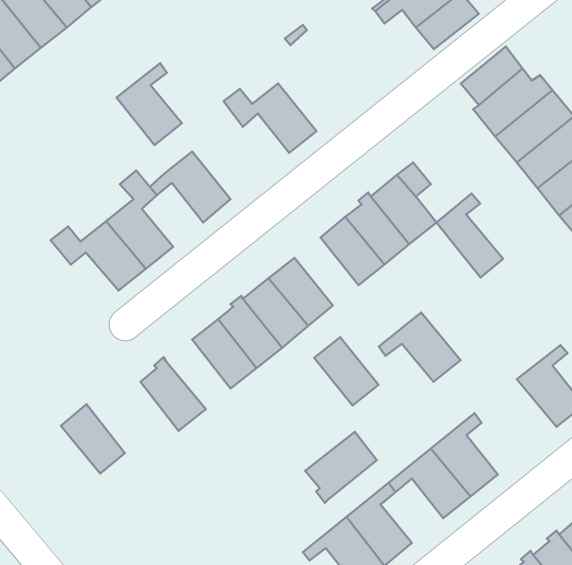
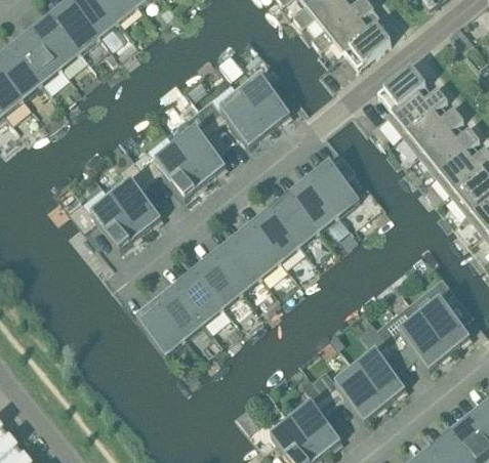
building: none -> [241,64,290,126]
building: [116,63,182,145] -> [176,116,226,177]
building: [436,193,503,278] -> none
building: [379,312,461,382] -> [389,312,450,365]
building: [314,337,378,405] -> [253,206,301,257]
building: [61,404,125,474] -> [157,283,205,335]
building: [305,432,377,503] -> none

